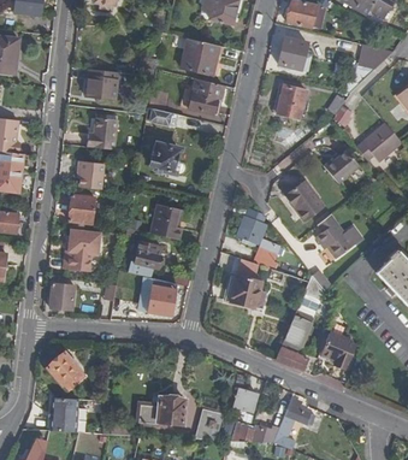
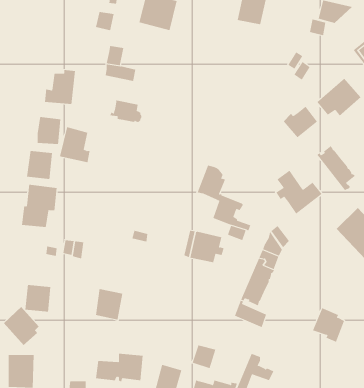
building: [87,66,118,96] -> none
building: [189,78,224,114] -> none
building: [277,84,306,118] -> none
building: [285,179,324,219] -> none
building: none -> [316,145,356,191]
building: [150,202,182,238] -> [59,126,91,163]
building: [128,241,161,276] -> none
building: [49,282,76,309] -> [25,284,51,312]
building: [148,284,176,315] -> [95,289,123,320]
building: [321,331,354,366] -> [312,308,345,343]

